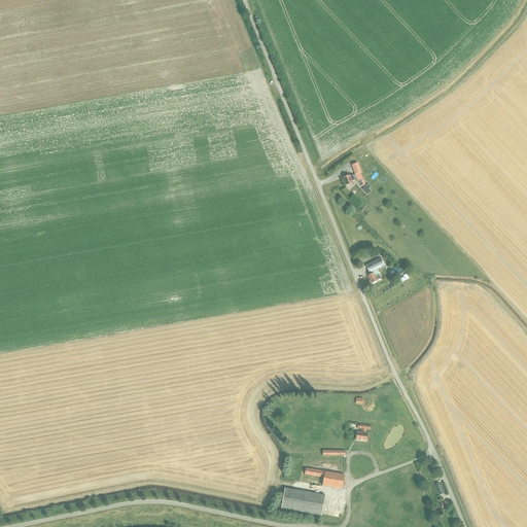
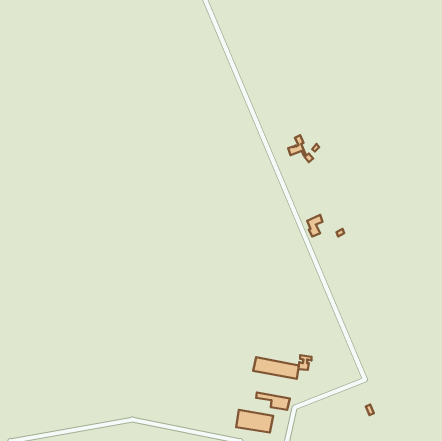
building: none -> [253,357,299,379]

